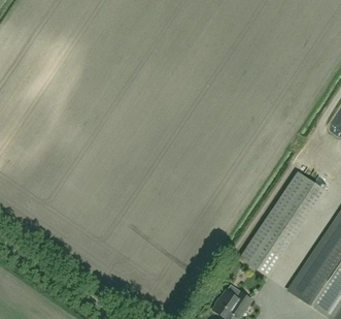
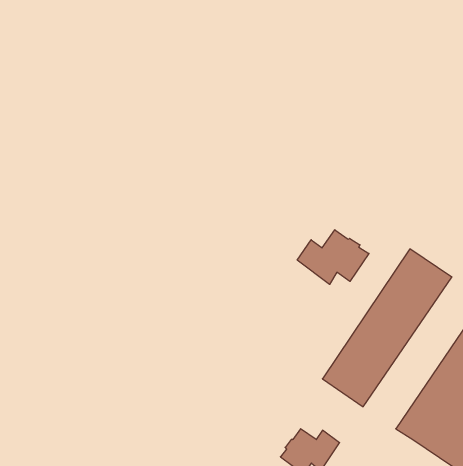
building: none -> [297,230,369,284]

